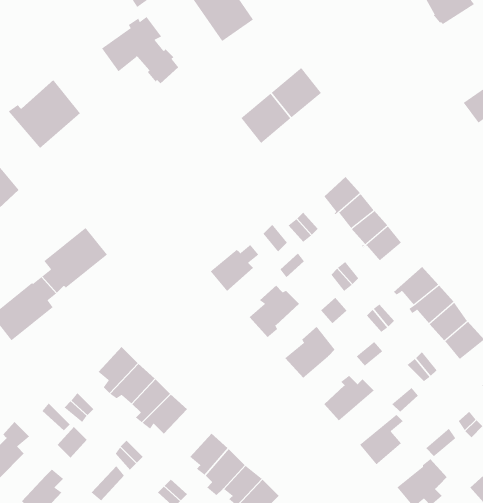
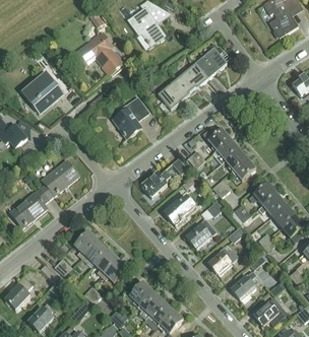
building: none -> [195,47,227,77]
building: none -> [112,94,147,136]

